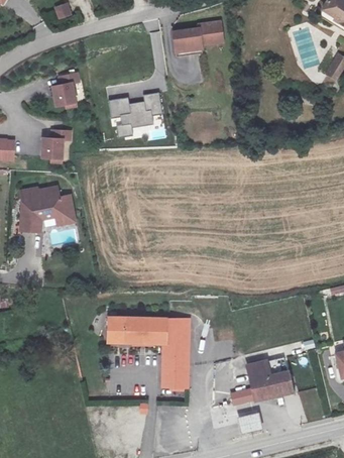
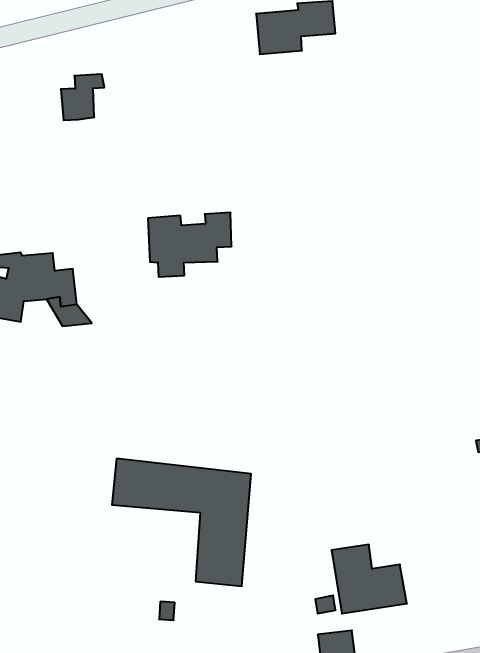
building: [107,92,160,135] -> [148,213,232,277]
building: [42,128,69,157] -> none

